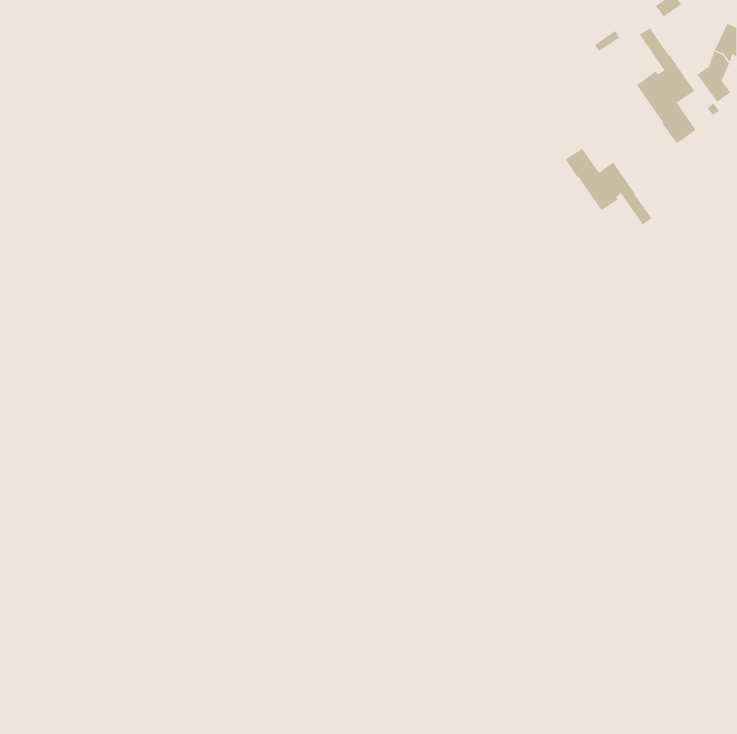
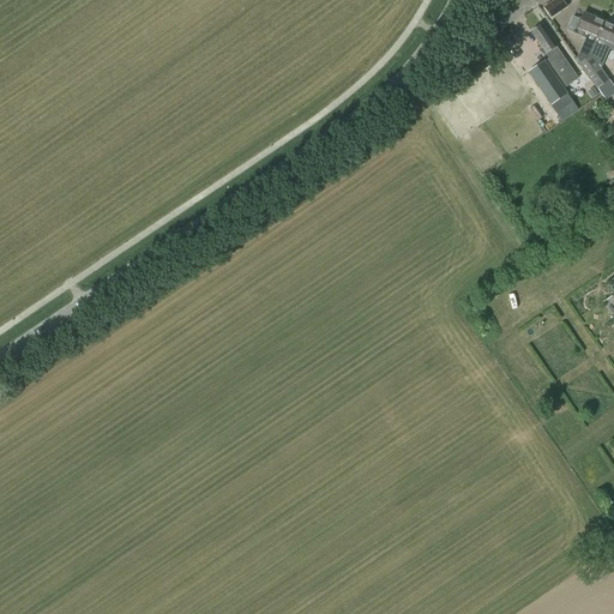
building: none -> [566,10,604,35]
building: [565,148,652,225] -> none

